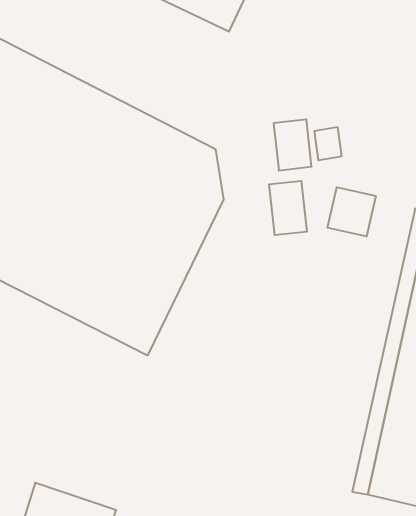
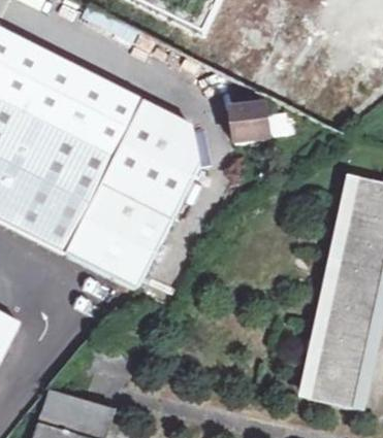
building: [269,181,307,235] -> none
building: [327,187,376,236] -> none

